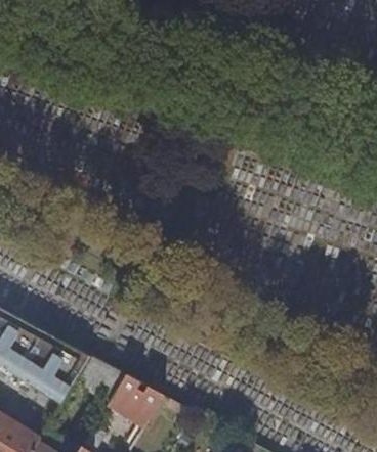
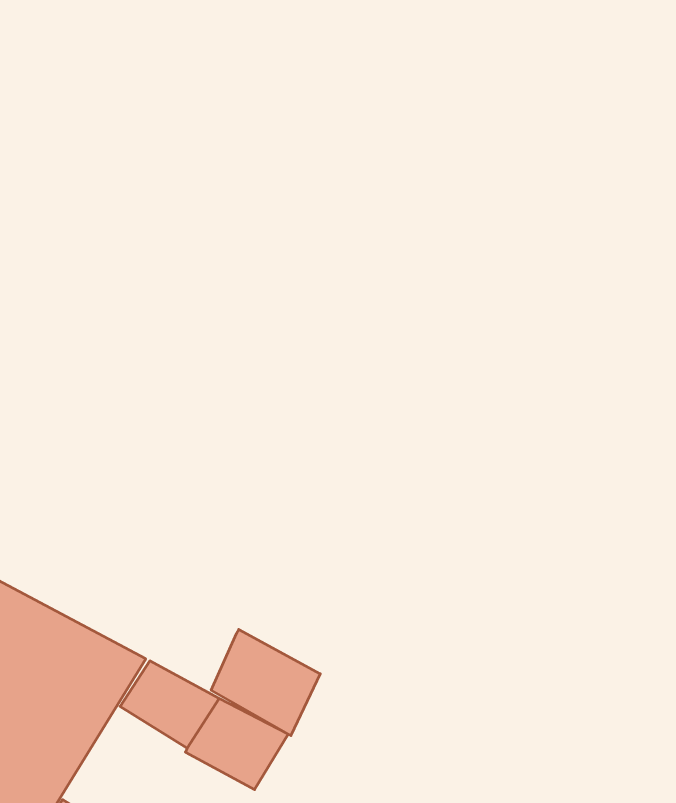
building: none -> [211,629,320,736]

